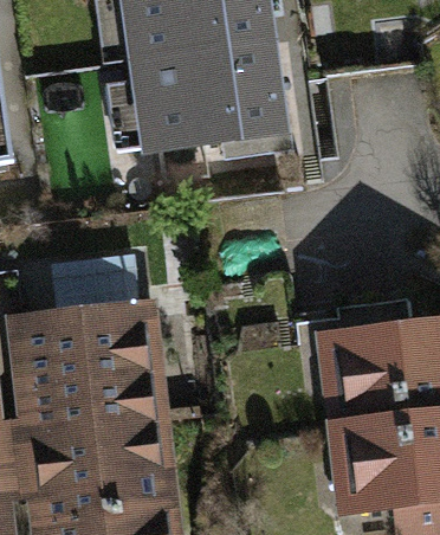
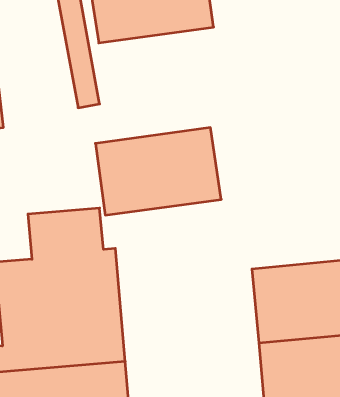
building: [136,36,287,141] -> [95,128,221,215]

